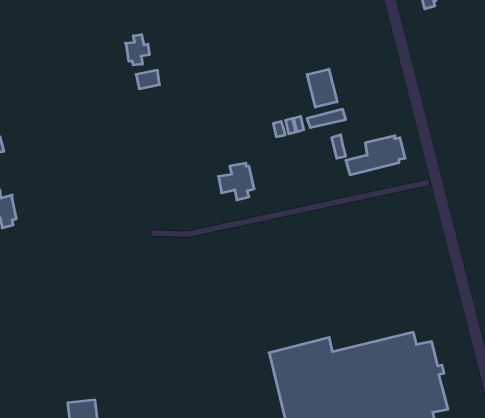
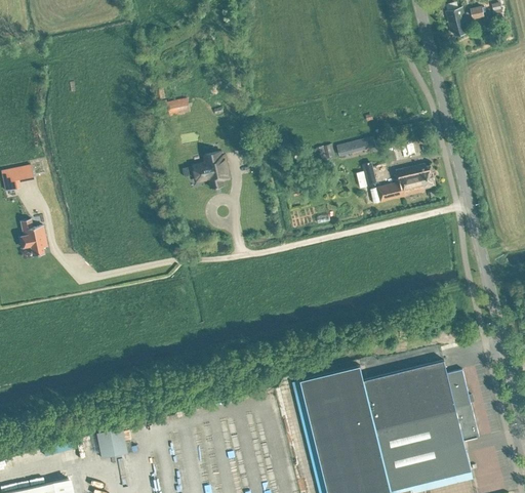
building: [125,34,149,65] -> none
building: [307,69,337,107] -> none
building: [218,163,254,200] -> [193,153,229,190]

